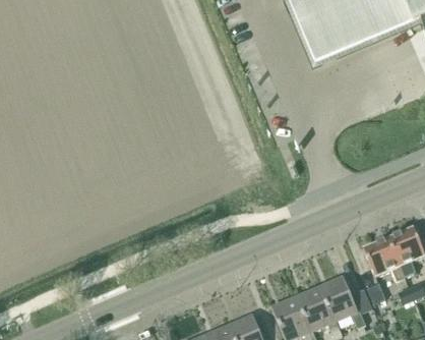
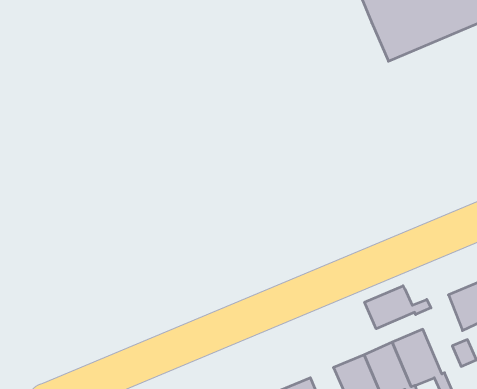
building: none -> [365,286,431,329]

